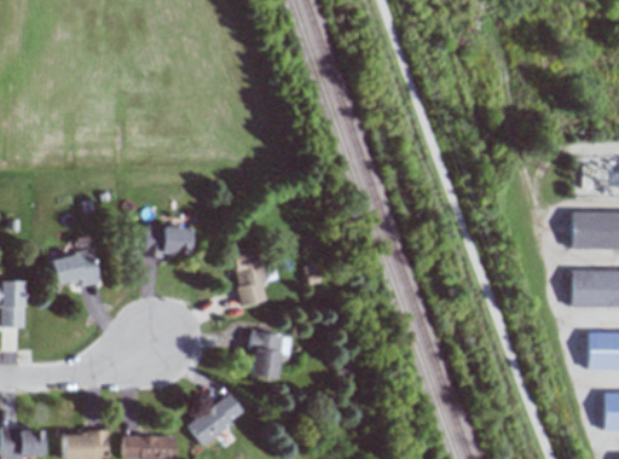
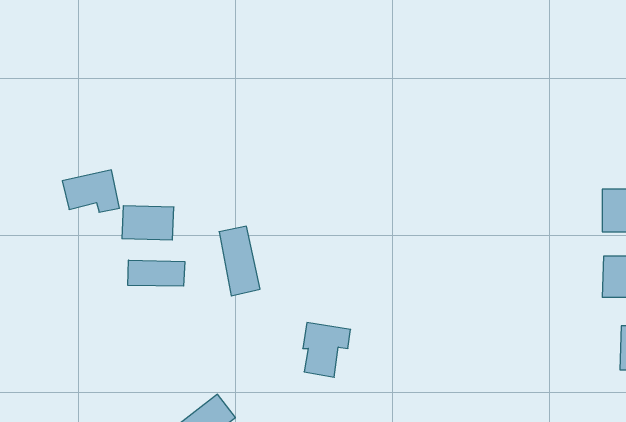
building: [52,249,103,286] -> [62,170,120,212]
building: none -> [128,260,185,286]
building: [249,331,291,379] -> [303,323,351,377]

